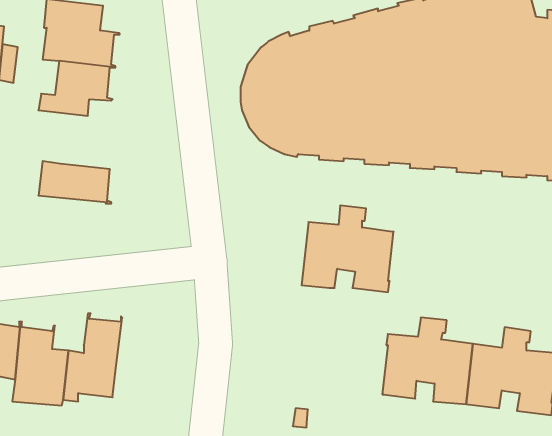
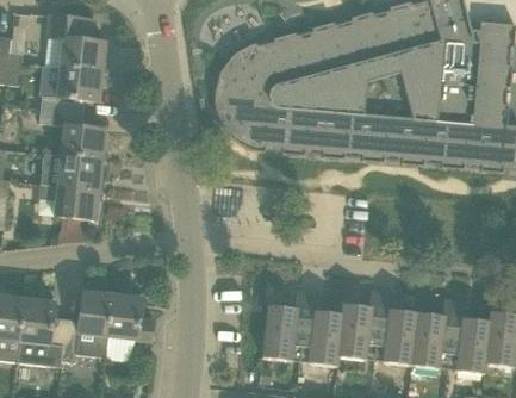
building: none -> [38,108,106,160]
building: none -> [37,181,99,219]
building: [302,206,394,292] -> [262,290,342,365]
building: none -> [106,288,153,341]

